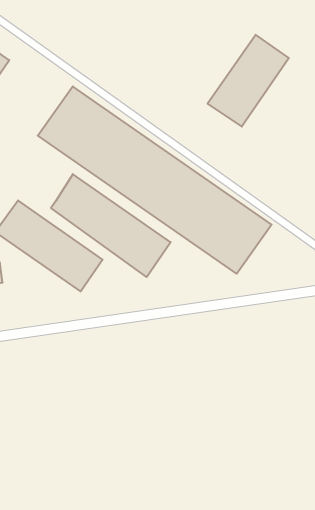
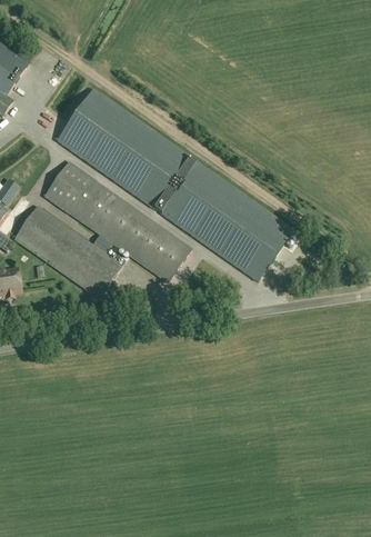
building: [208,35,289,127] -> none
building: none -> [44,161,92,207]

